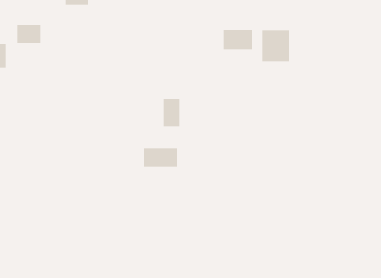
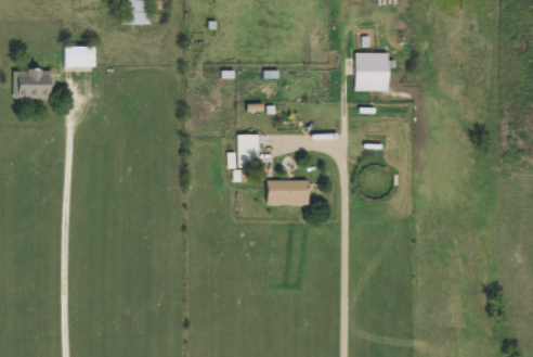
building: [223,29,253,50] -> none
building: [143,148,178,167] -> [268,180,309,203]

